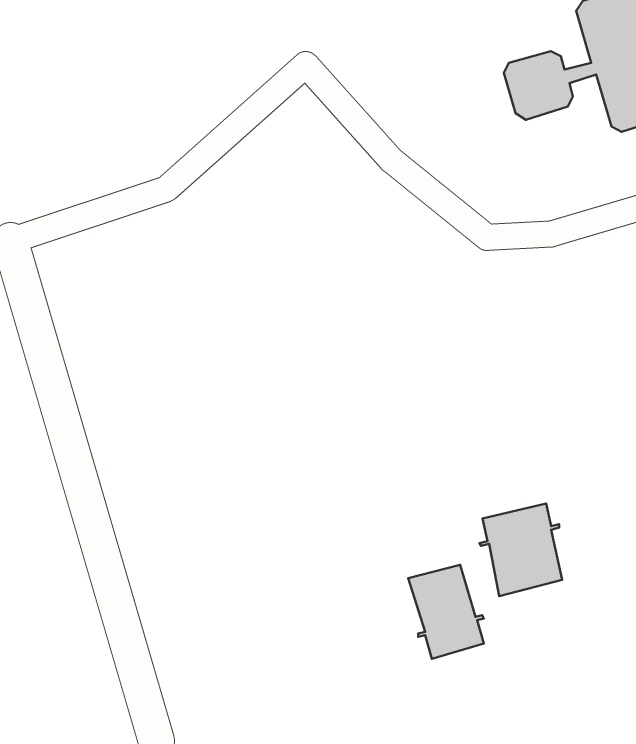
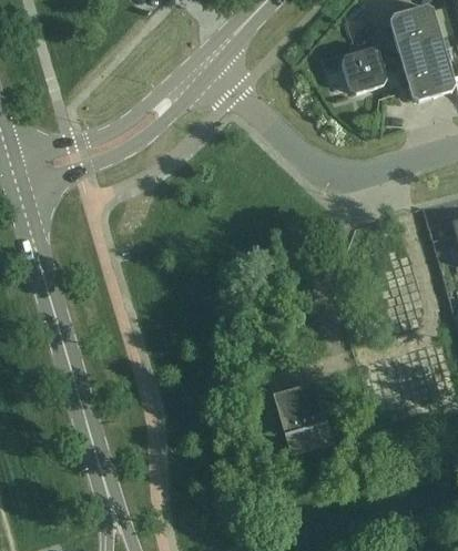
building: [479,504,562,596] -> none

